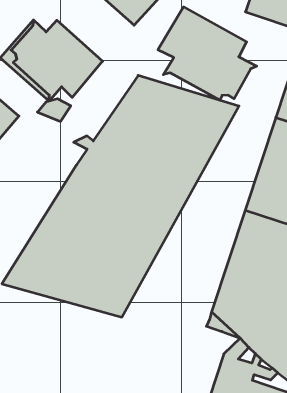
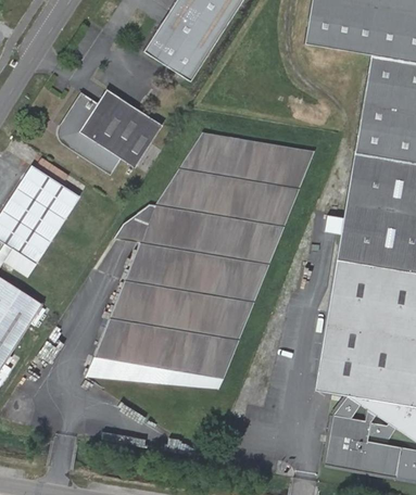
building: [158,7,257,100] -> none
building: [37,99,71,121] -> [123,213,157,237]

